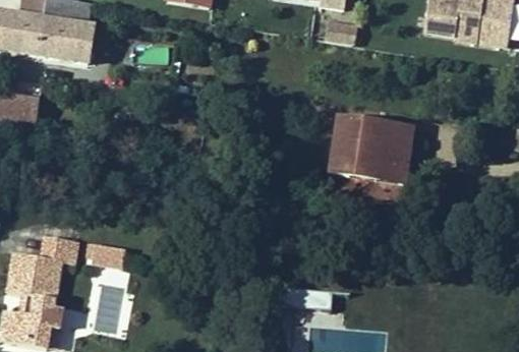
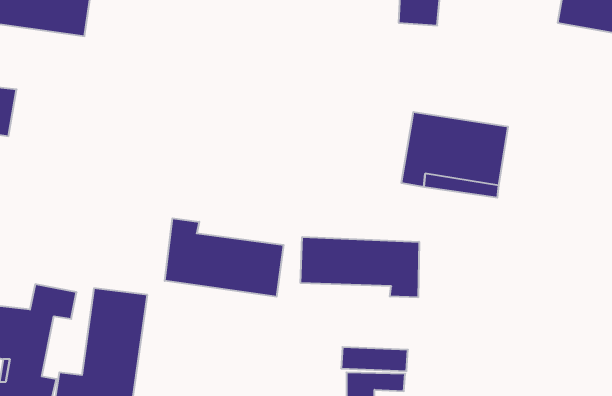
building: none -> [165,218,284,297]
building: none -> [301,237,419,297]

